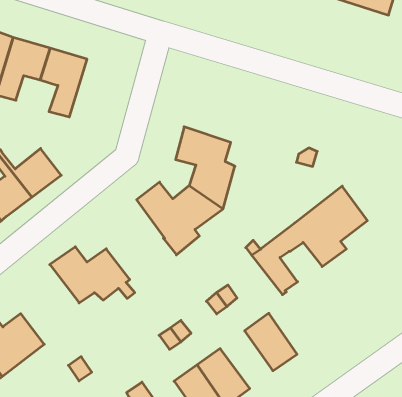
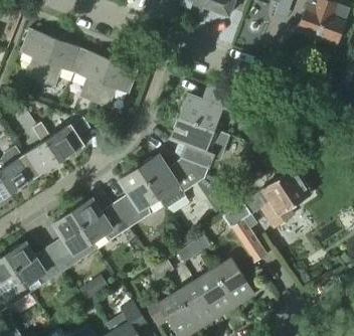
building: none -> [94,59,137,108]
building: none -> [179,85,235,129]
building: none -> [115,167,159,226]
building: none -> [47,211,97,275]
building: none -> [195,271,233,314]

